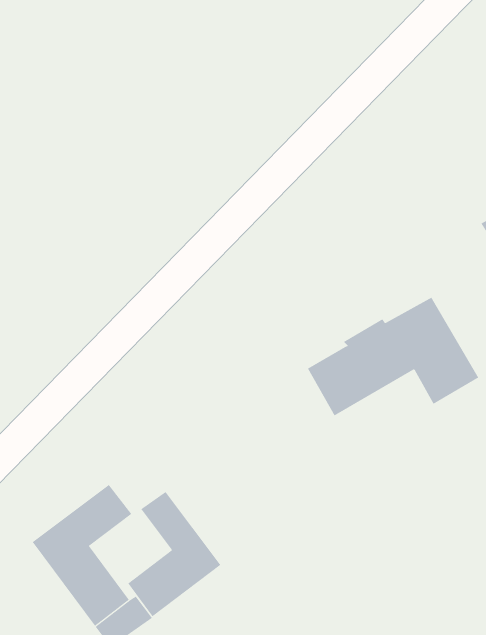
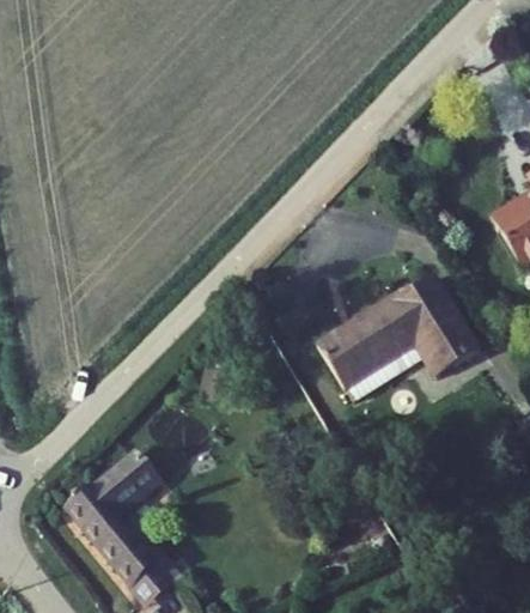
building: [128,491,221,617] -> none

